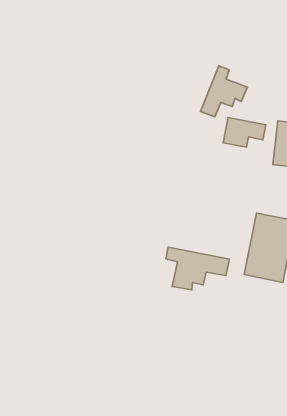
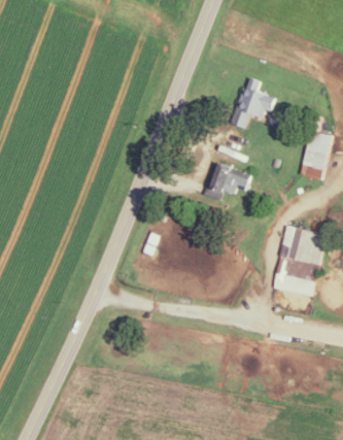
building: [223,118,266,147] -> [208,165,251,195]
building: [166,247,230,290] -> none

